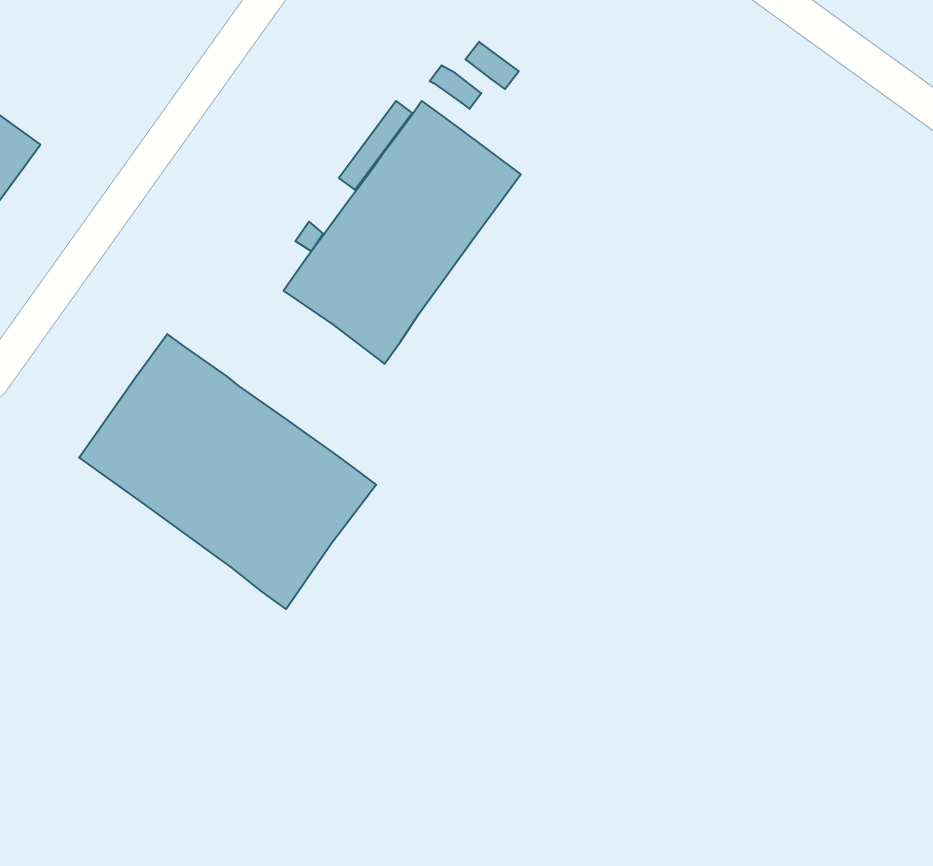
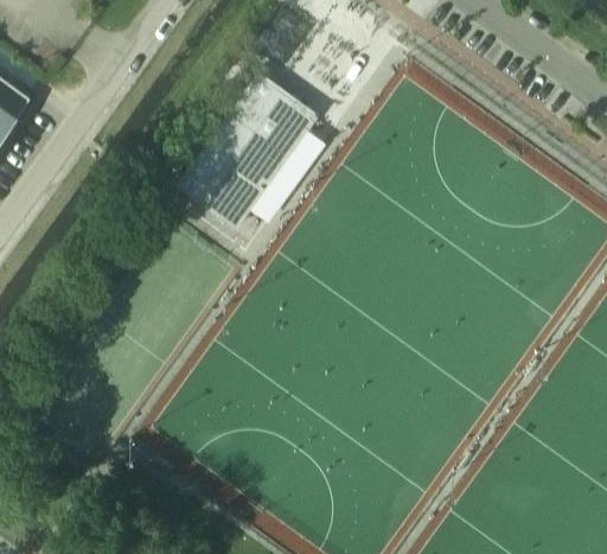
building: [79,334,376,609] -> none

